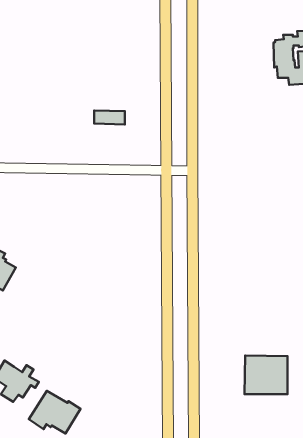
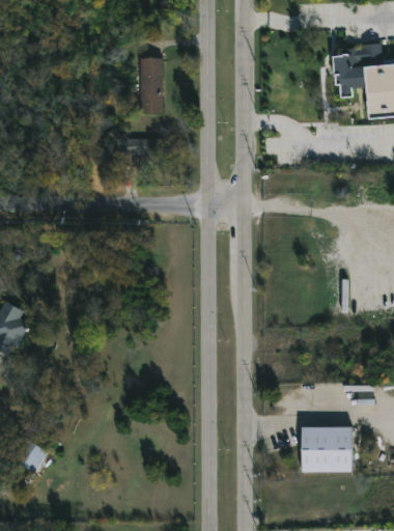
building: none -> [134,57,162,112]
building: [29,391,81,434] -> none

